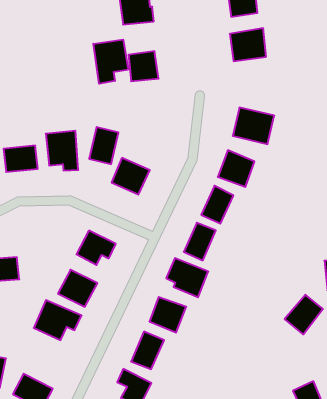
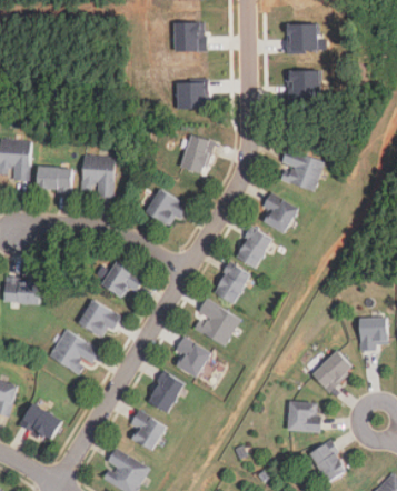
building: [93,40,128,84] -> none
building: [89,127,118,164] -> [180,134,214,174]
building: none -> [288,402,320,432]

